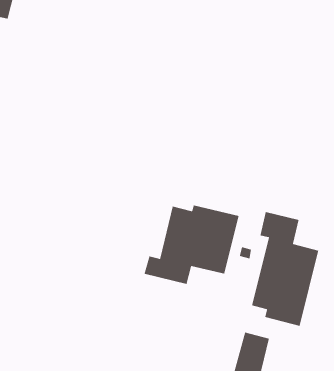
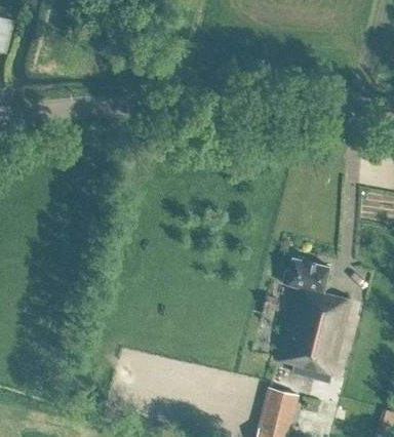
building: [144,205,239,285] -> none

